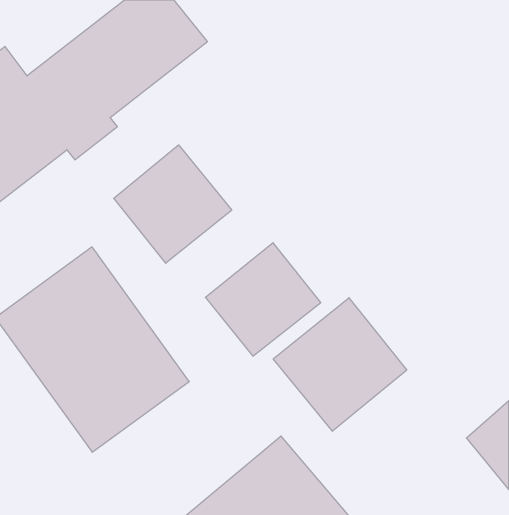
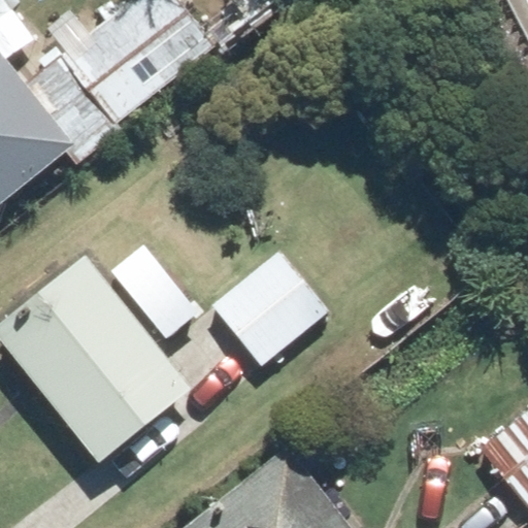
building: [114,145,232,263] -> none
building: [273,298,407,431] -> none

